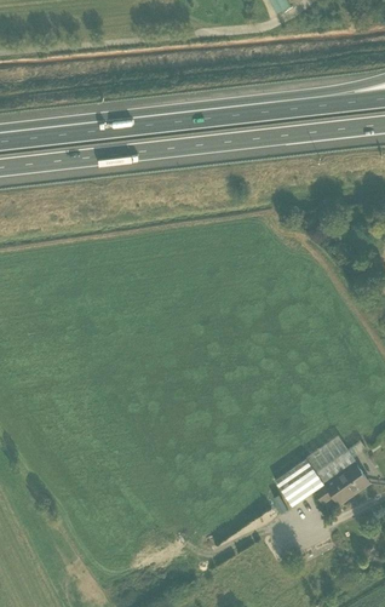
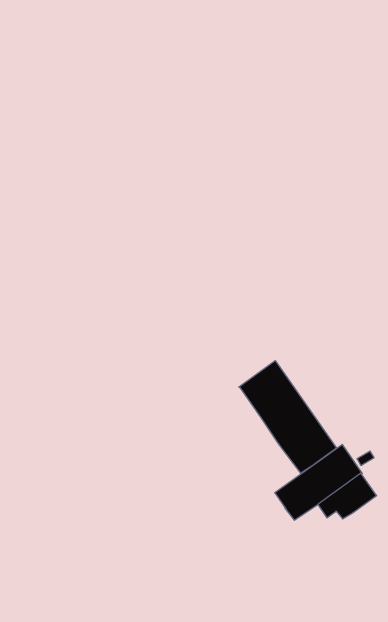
building: none -> [239,361,337,473]

